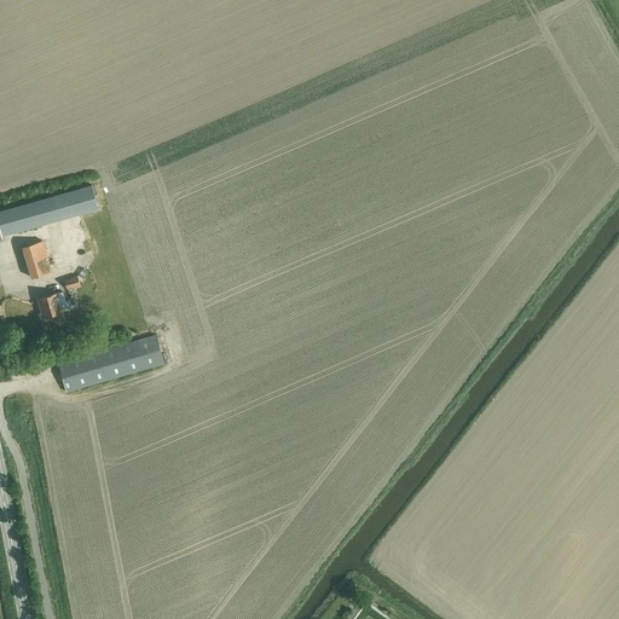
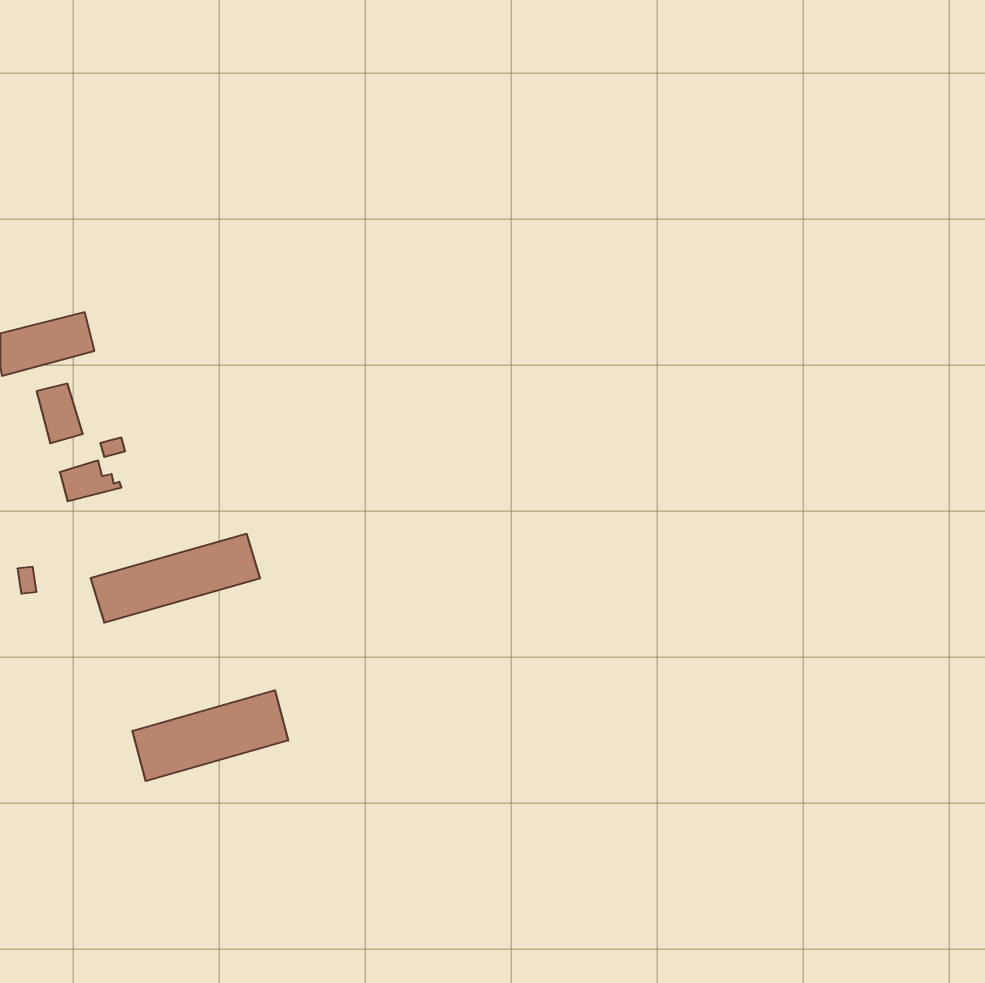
building: [53,186,98,221] -> none
building: none -> [132,690,288,781]

